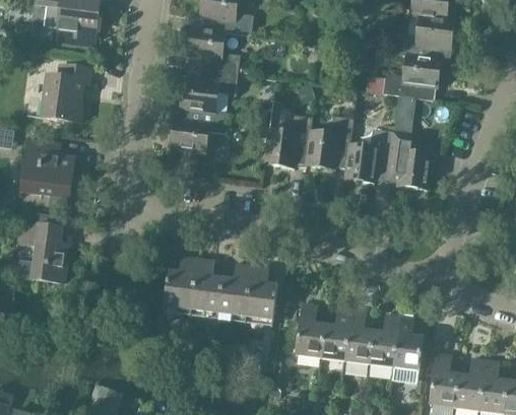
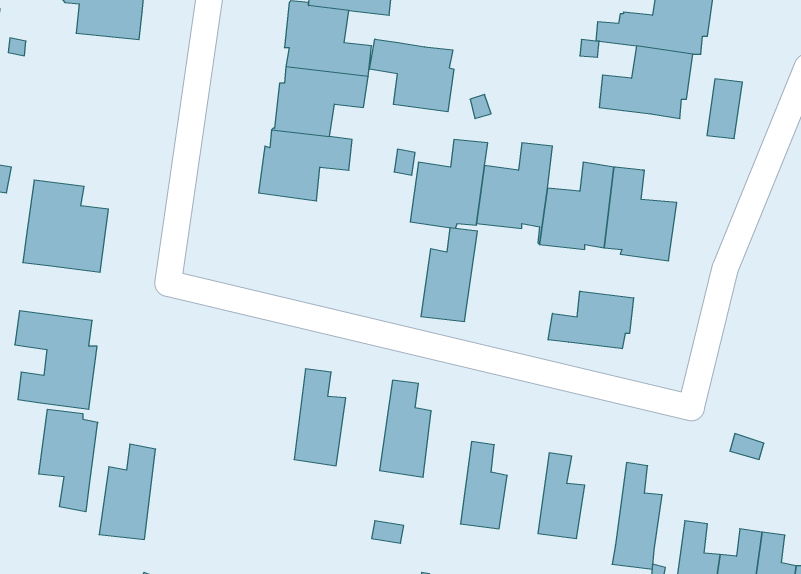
building: none -> [370,39,454,112]
building: [42,62,90,121] -> none
building: [393,94,415,132] -> [707,79,742,139]
building: none -> [548,291,634,349]
building: [163,254,198,314] -> [99,444,156,539]
building: [217,262,253,321] -> [421,228,477,321]
building: none -> [39,409,98,512]
building: [320,307,351,360] -> none
building: [369,314,400,367] -> none

